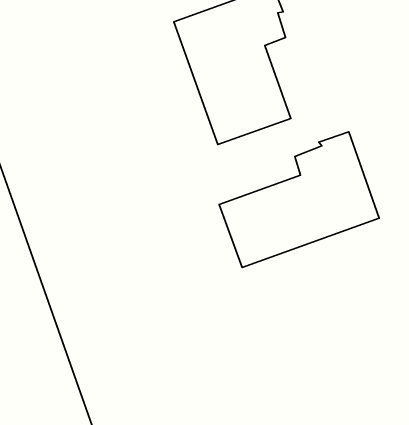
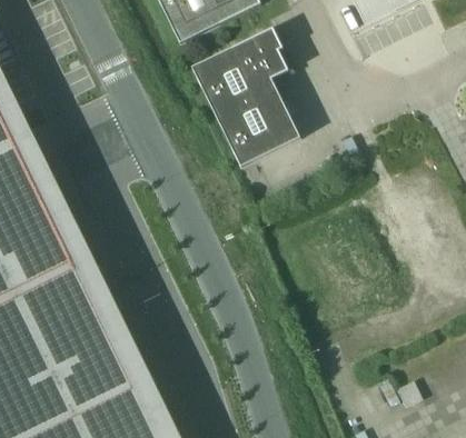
building: [219,132,379,268] -> none

